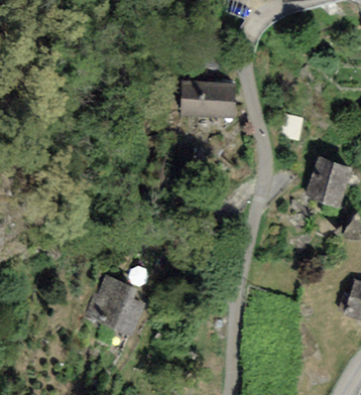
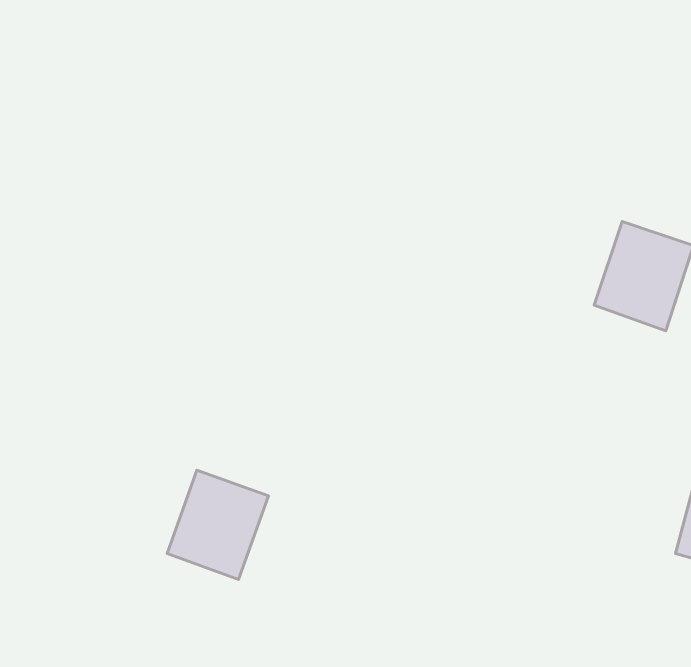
building: [183,74,232,117] -> none

